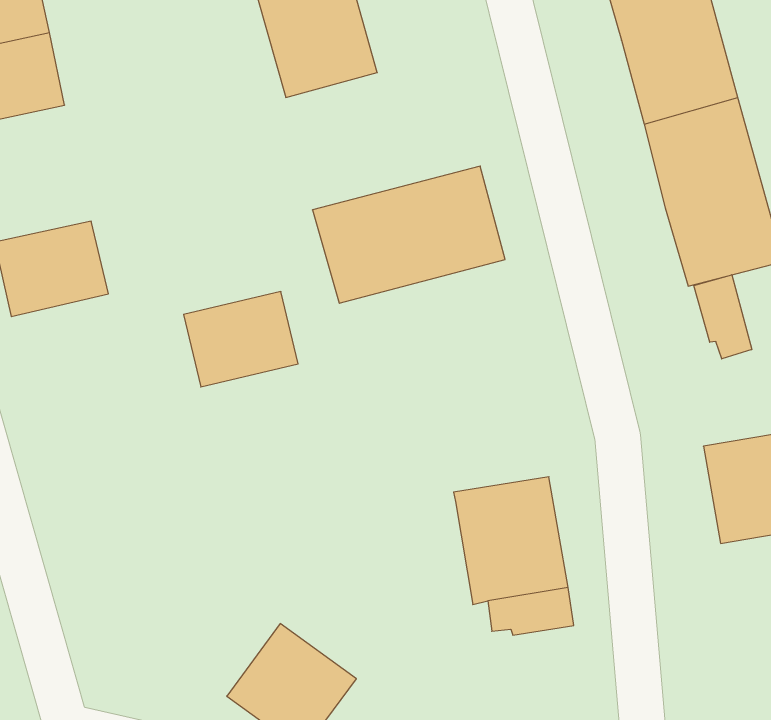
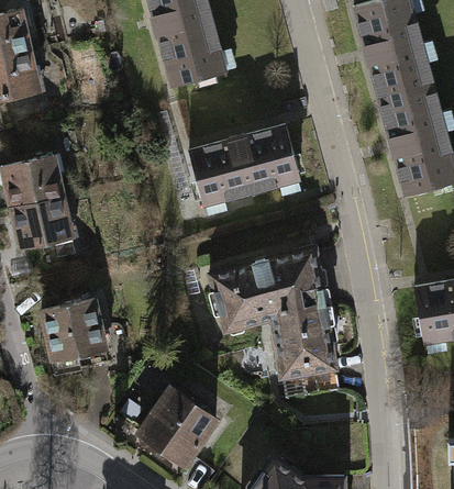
building: [694,275,752,359] -> none
building: [184,292,298,387] -> [13,200,79,255]
building: none -> [207,248,323,331]
building: none -> [41,302,110,380]

